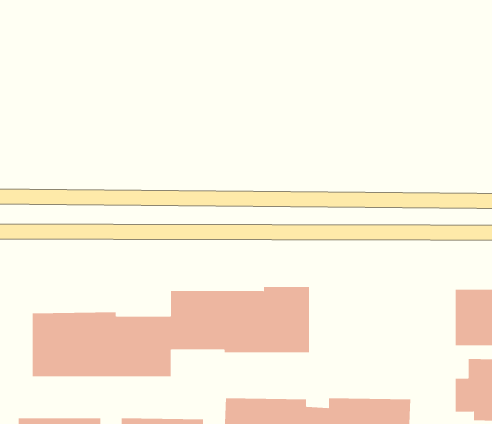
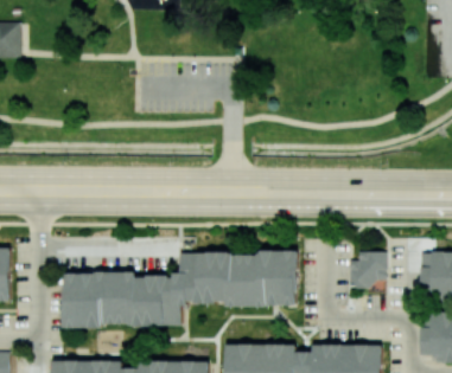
building: none -> [349,251,387,284]

